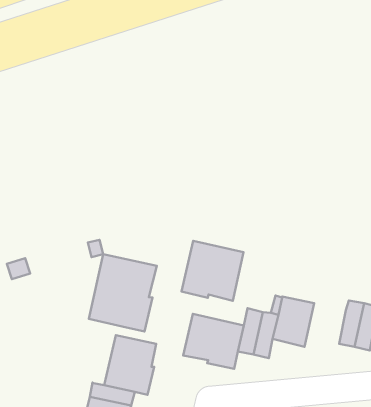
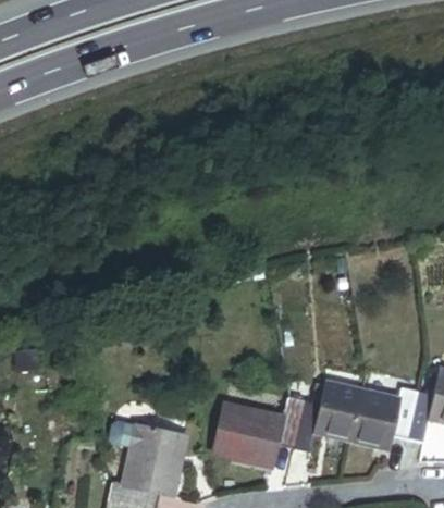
building: [181,241,244,301] -> none
building: [89,254,157,332] -> none
building: none -> [350,391,397,447]

